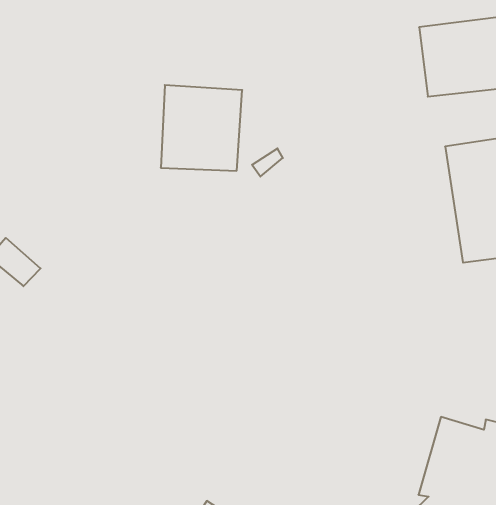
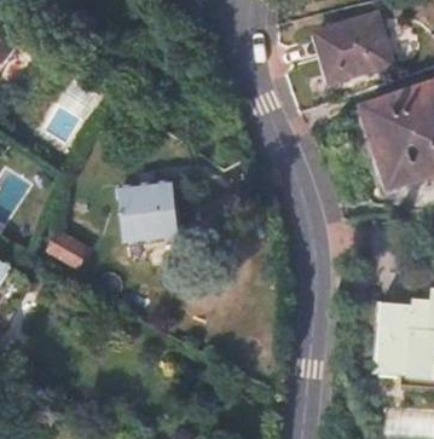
building: [161,85,242,171] -> [116,178,177,242]

